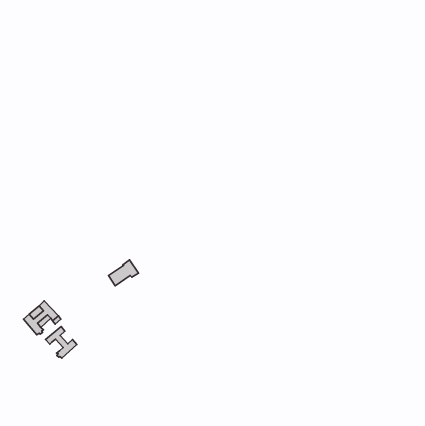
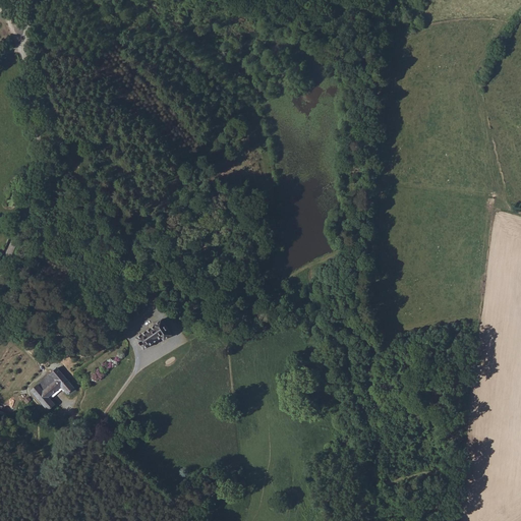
building: [46,326,77,358] -> none

